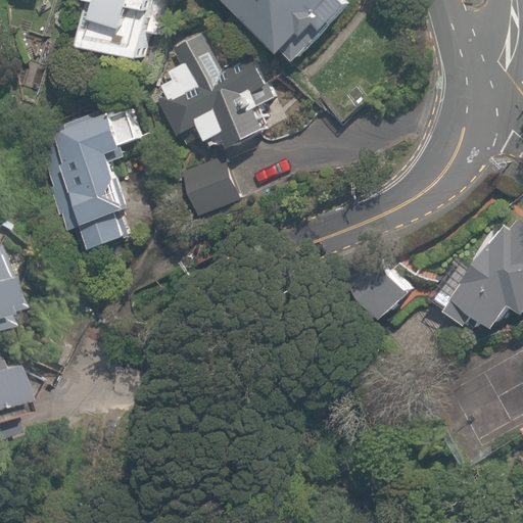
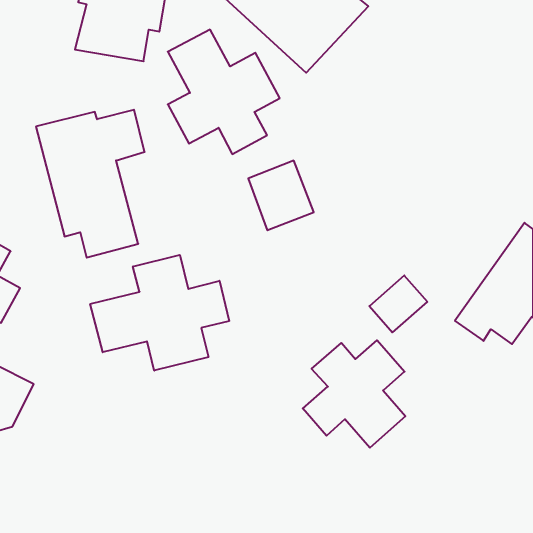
building: [176,148,239,216] -> [248,161,314,230]
building: none -> [90,255,229,371]
building: none -> [303,340,405,448]

